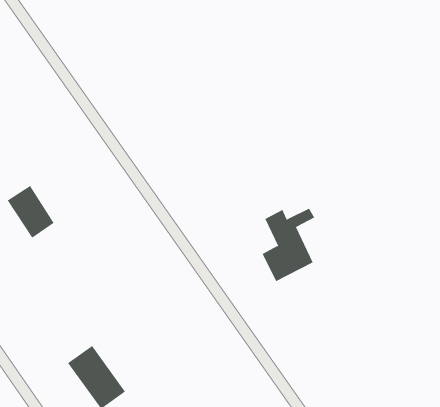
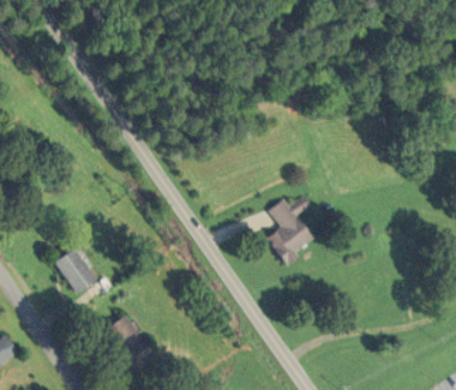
building: [7,185,54,238] -> [53,247,94,293]

